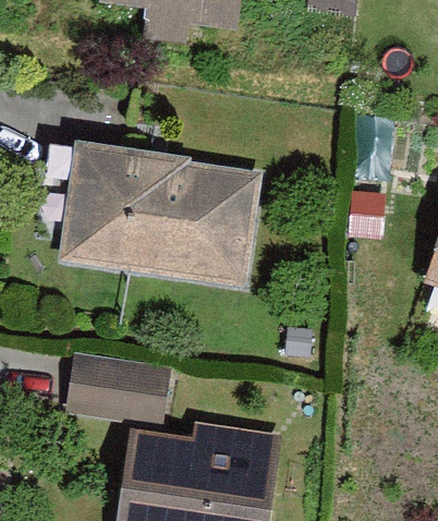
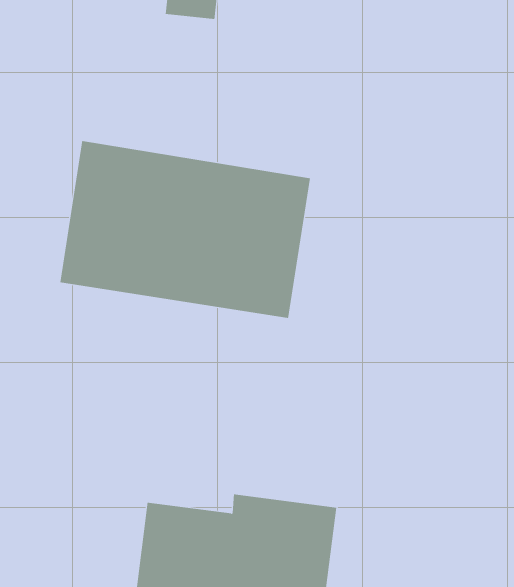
building: [70,359,170,423] -> none

